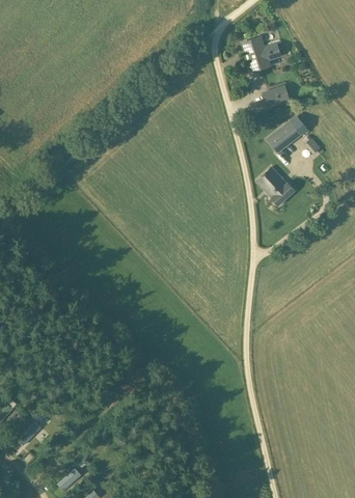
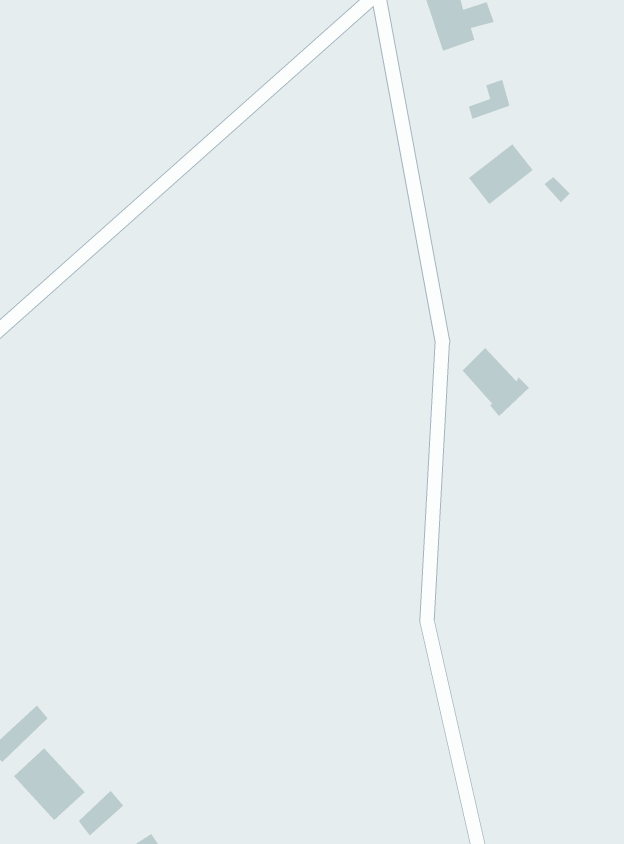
building: [258,167,295,204] -> [462,347,530,417]
building: none -> [13,748,85,821]

